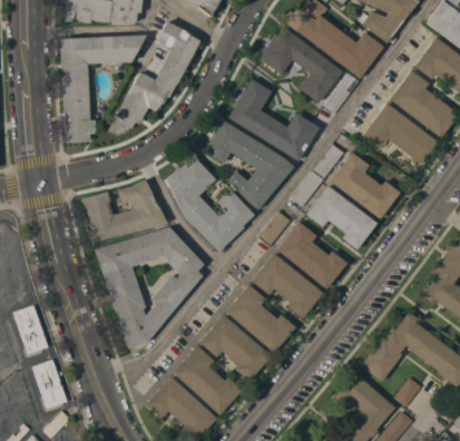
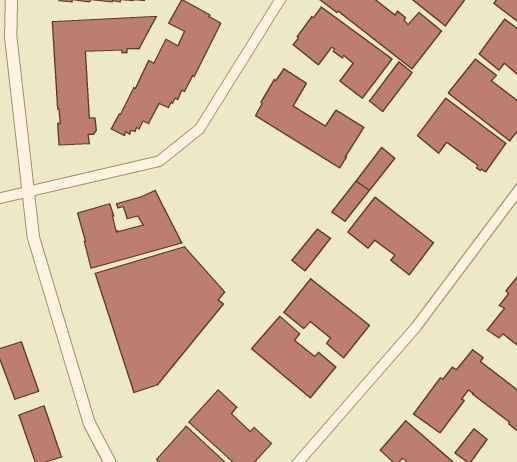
building: [204,120,294,209] -> none
building: [330,151,400,218] -> none
building: [166,155,254,251] -> none
building: [276,222,346,288] -> none
building: [199,314,271,381] -> none

